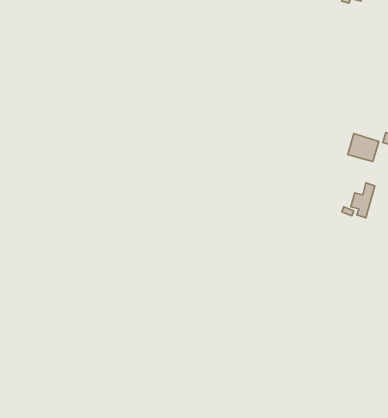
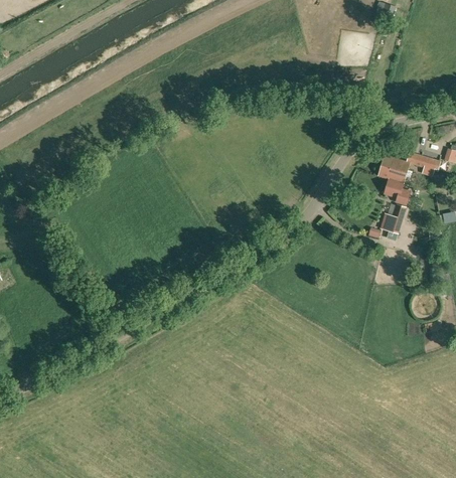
building: none -> [384,178,410,204]

